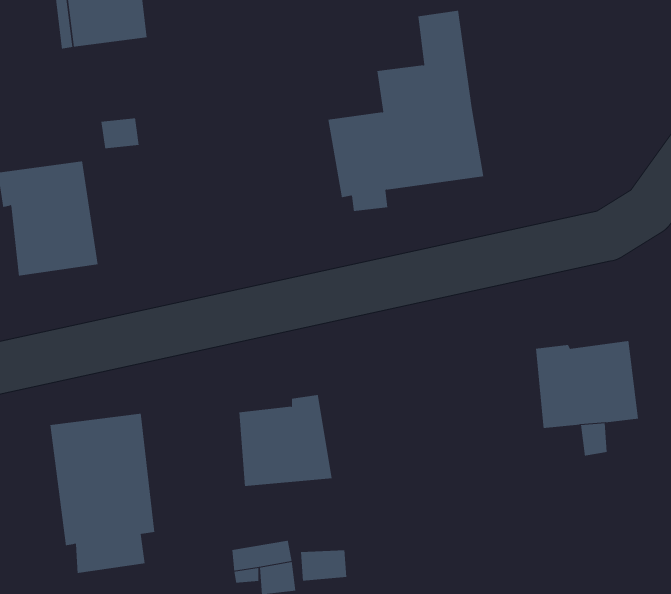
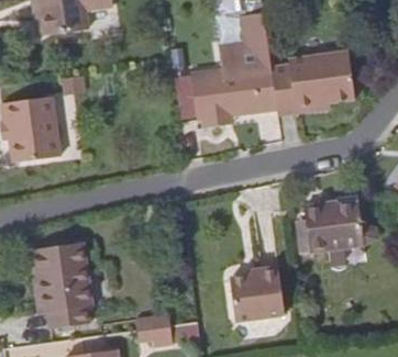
building: none -> [269,53,355,115]
building: [238,394,332,486] -> [229,269,281,321]

